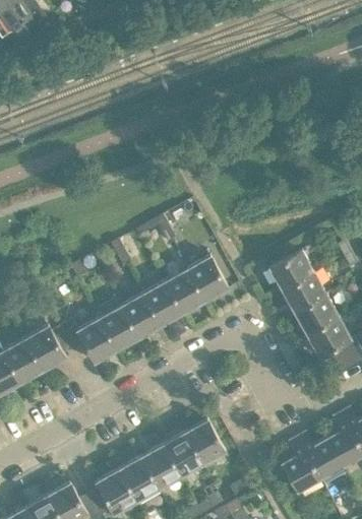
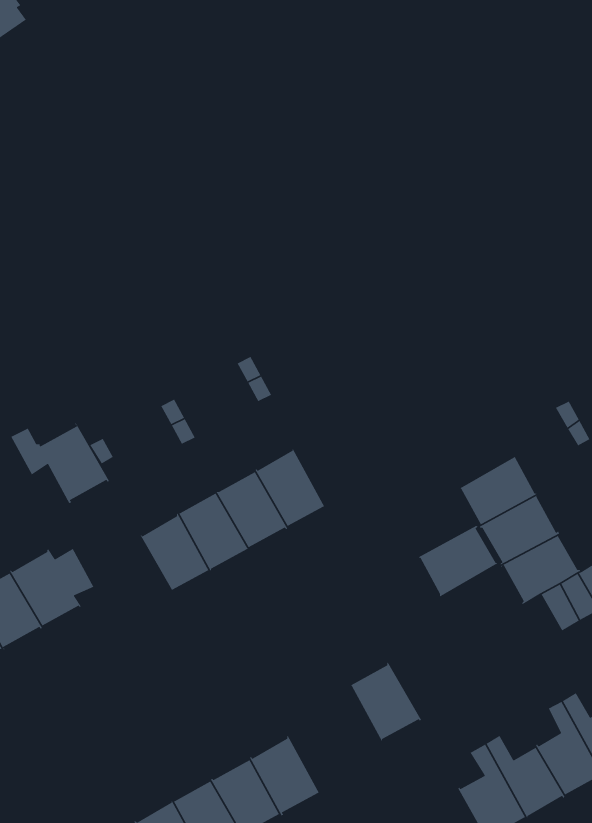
building: [268,250,314,291] -> [418,525,498,598]
building: [187,255,228,302] -> none
building: [61,317,118,364] -> [10,422,110,504]
building: [184,419,226,465] -> [349,661,422,741]

